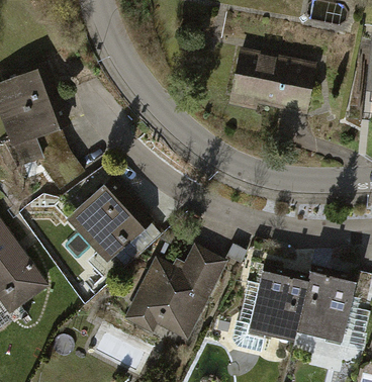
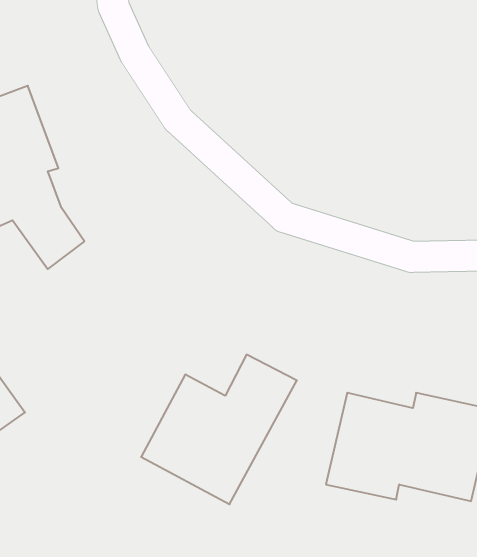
building: [229,46,317,114] -> none
building: [68,179,152,262] -> none

